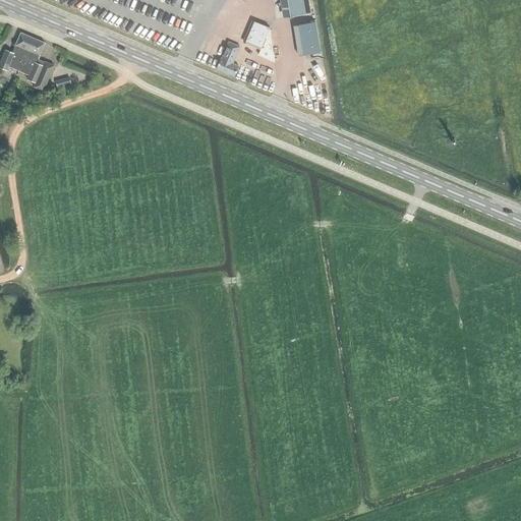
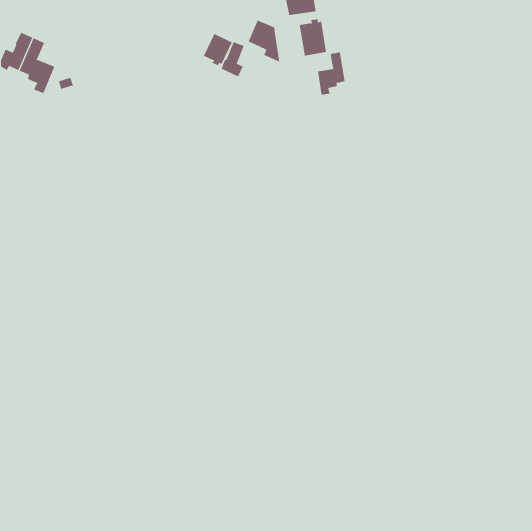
building: none -> [203,33,232,66]
building: none -> [317,52,345,95]

